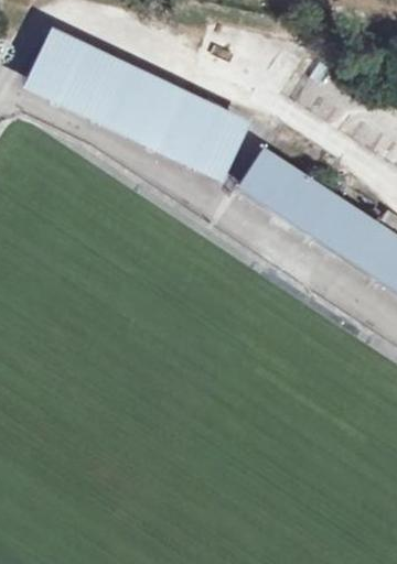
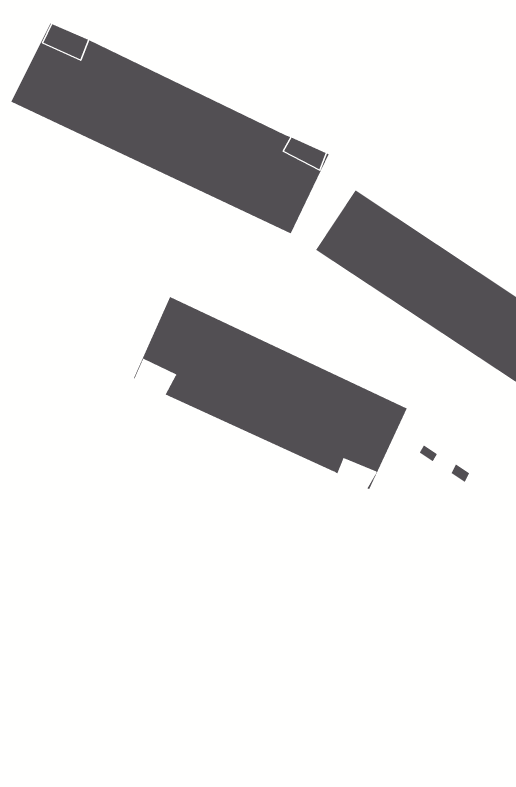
building: none -> [133,296,407,490]

